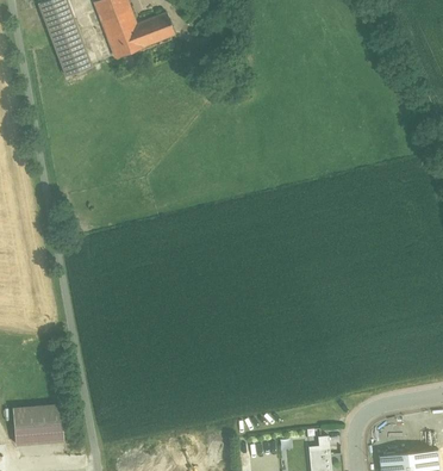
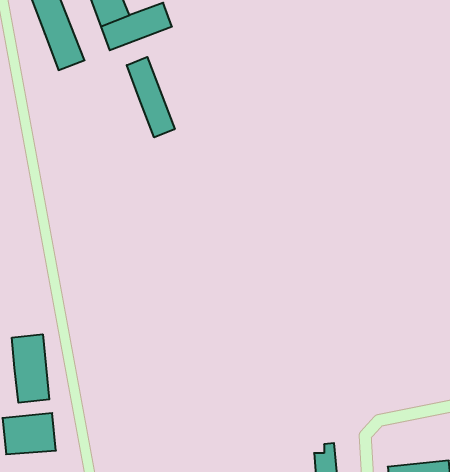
building: none -> [127,57,175,137]
building: none -> [12,334,49,403]

